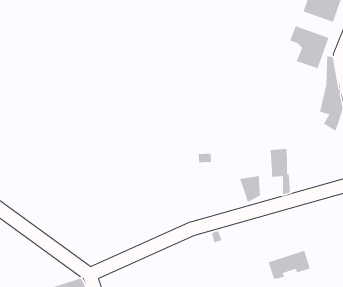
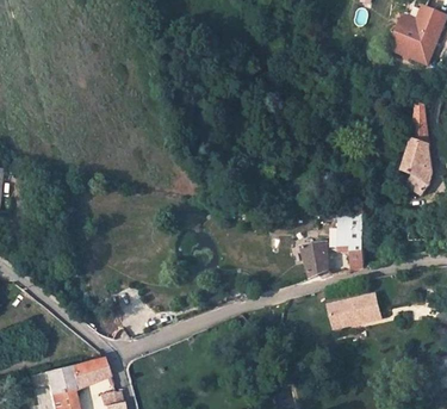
building: [289,25,329,69] -> none
building: [268,250,311,280] -> [327,293,379,328]

